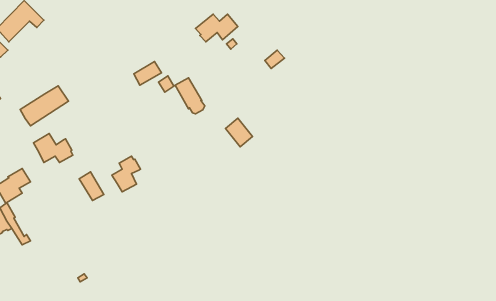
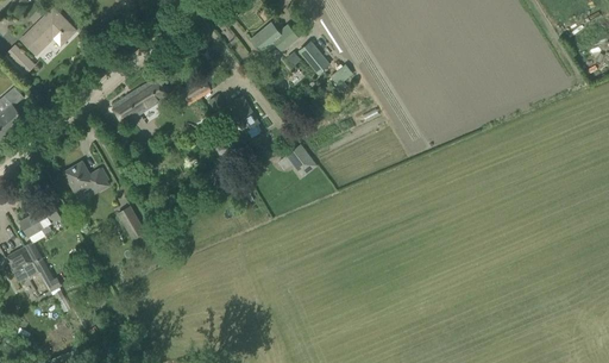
building: none -> [297,39,329,74]
building: [20,86,69,126] -> [111,77,167,124]
building: [112,156,141,192] -> none

